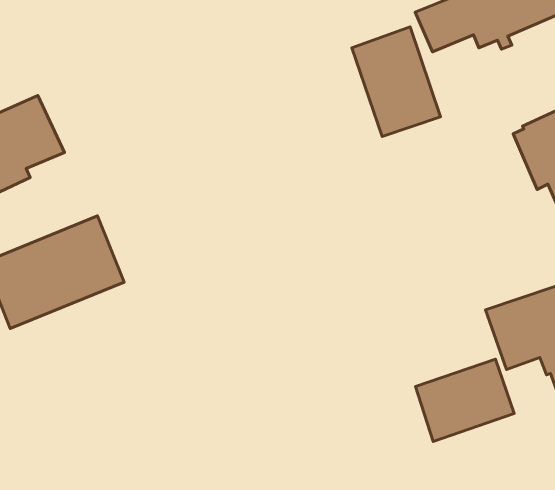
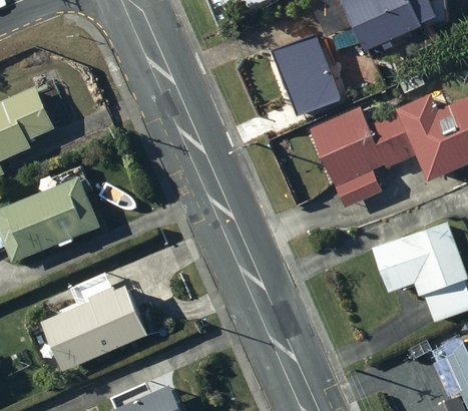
building: none -> [308,105,412,207]
building: [415,359,514,442] -> none
building: none -> [45,285,150,370]

